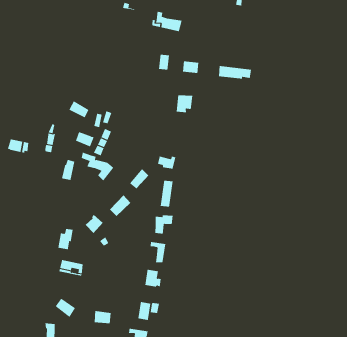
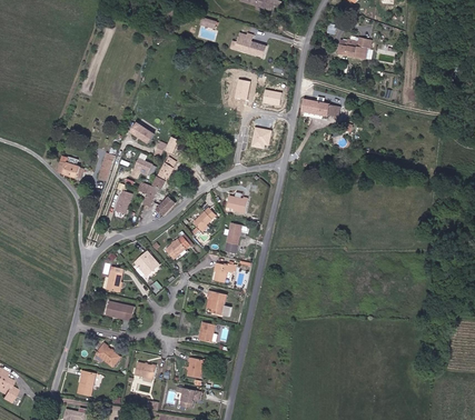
building: none -> [339,37,373,58]

